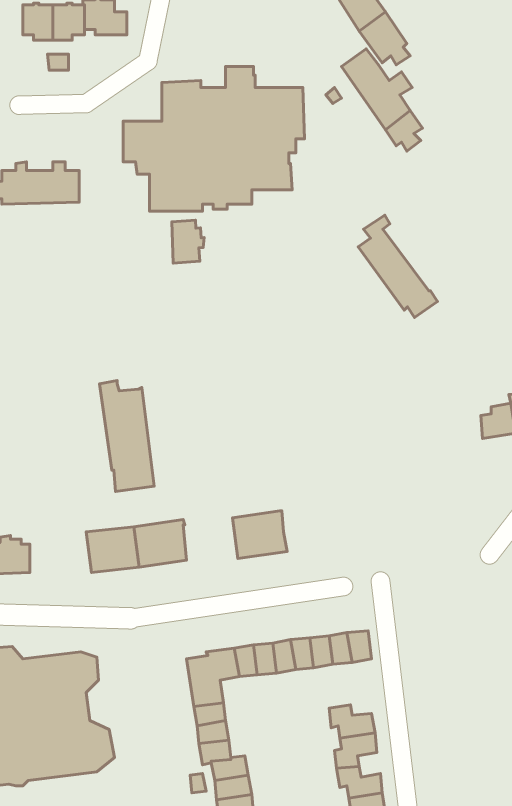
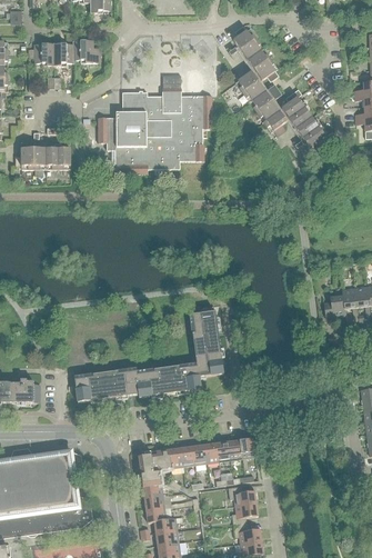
building: [358,215,438,317] -> [281,88,331,152]
building: [172,220,204,263] -> none
building: [100,380,154,491] -> [189,306,223,376]
building: none -> [135,367,170,397]

